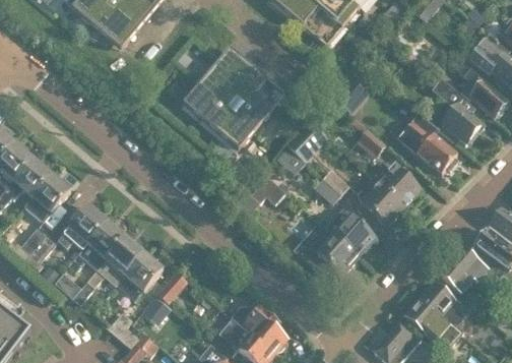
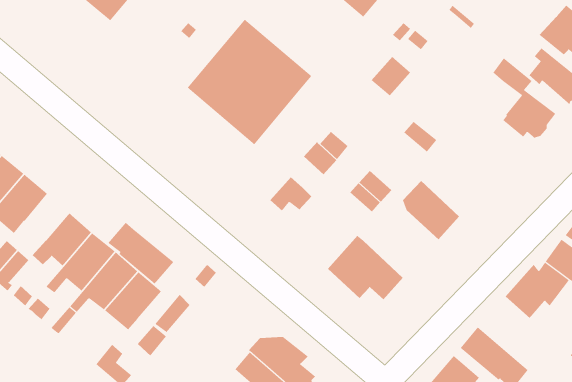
building: [400,116,457,175] -> none
building: [373,167,422,208] -> none
building: [326,209,376,258] -> none
building: none -> [107,222,174,285]
building: [419,282,467,327] -> none

